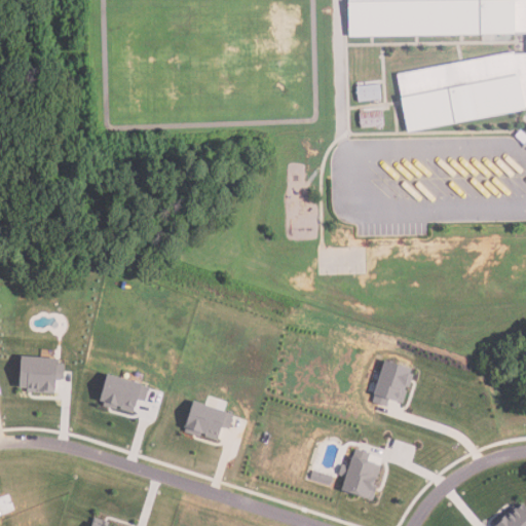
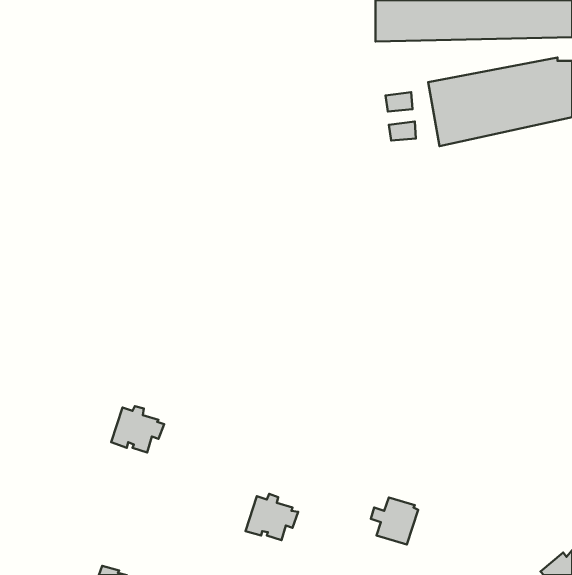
building: [23,354,66,392] -> none
building: [372,359,412,406] -> none
building: [186,398,234,440] -> [245,494,298,540]

